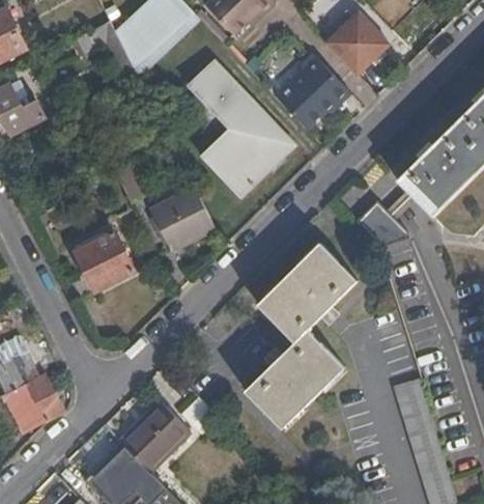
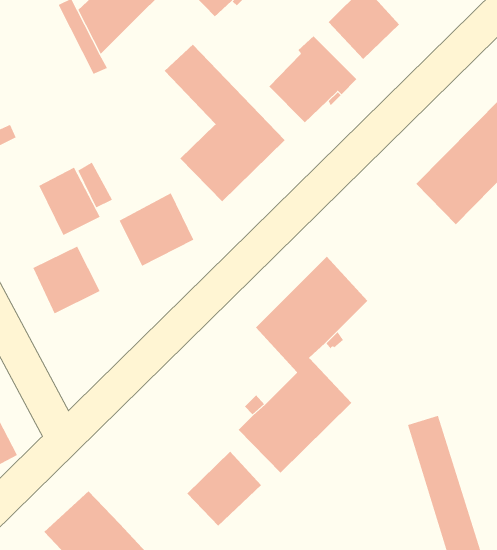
building: none -> [39,167,100,236]
building: [361,198,412,244] -> none
building: [122,404,187,469] -> [187,451,262,526]

